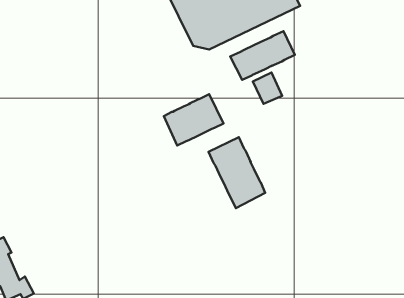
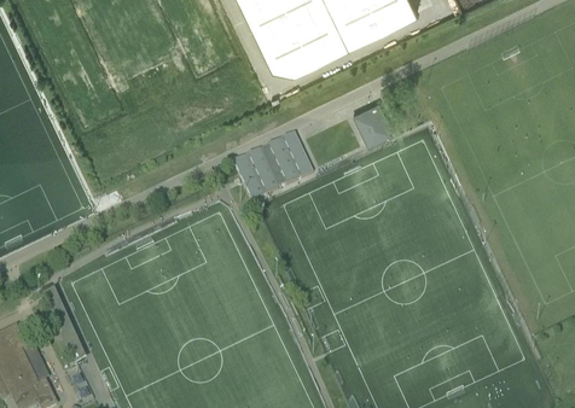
building: [230,31,295,80] -> none
building: [209,137,265,208] -> none

